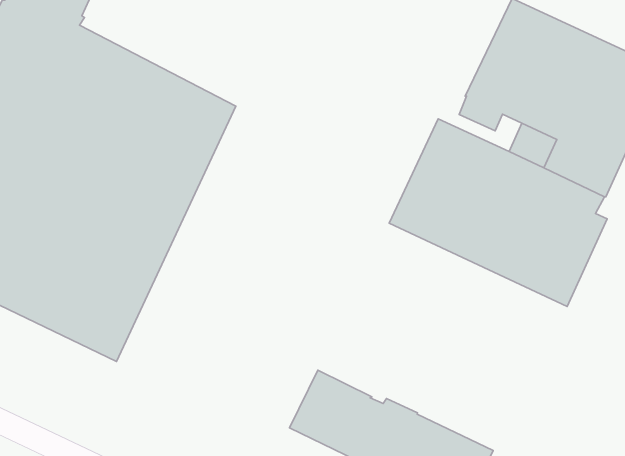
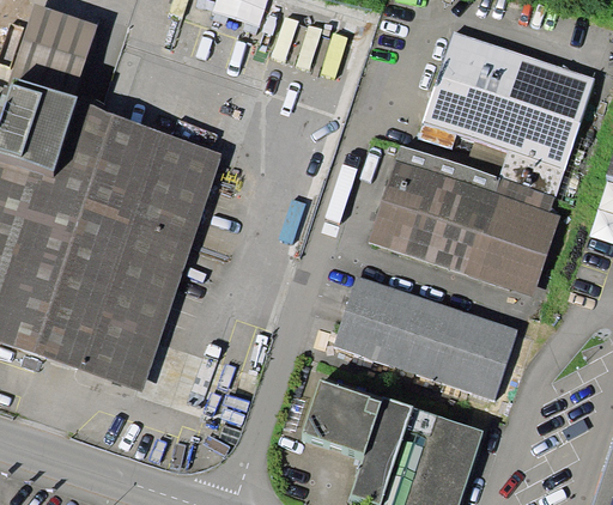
building: none -> [333,275,517,400]

